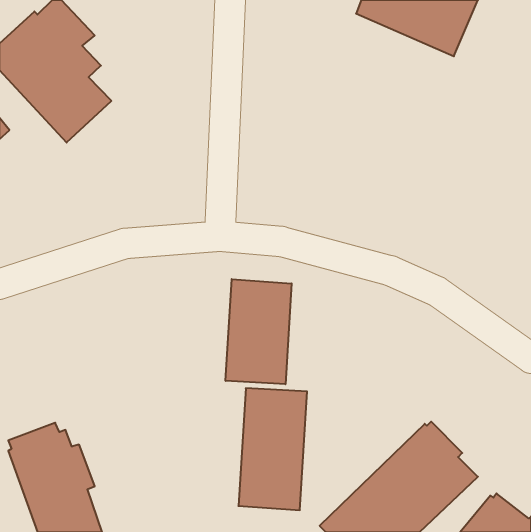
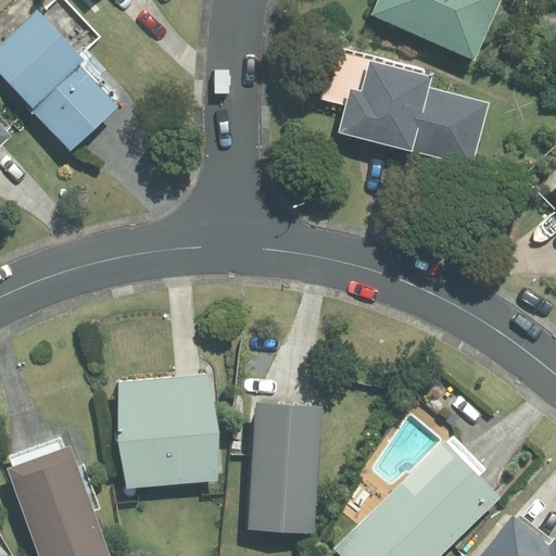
building: none -> [320,47,486,165]
building: [226,279,292,384] -> none
building: none -> [118,376,217,486]

